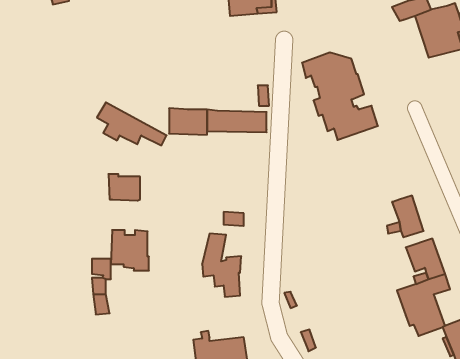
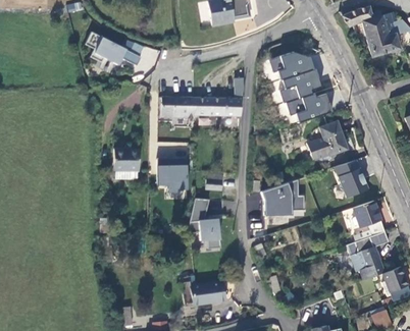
building: [97,102,167,145] -> [85,29,141,63]
building: none -> [309,121,348,160]
building: none -> [261,179,304,215]
building: [111,230,149,271] -> [157,156,188,188]

